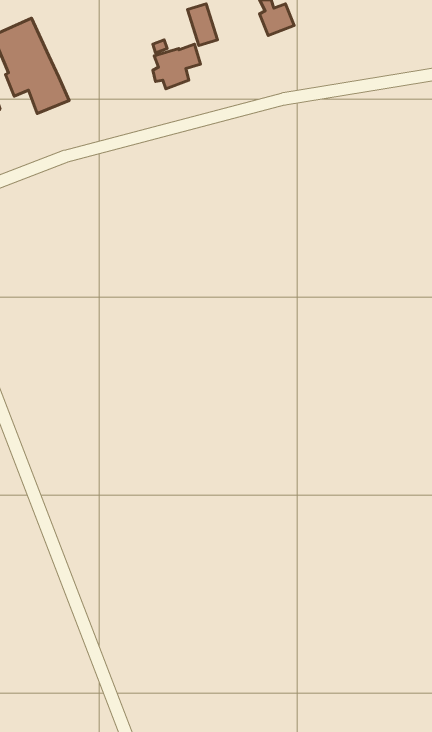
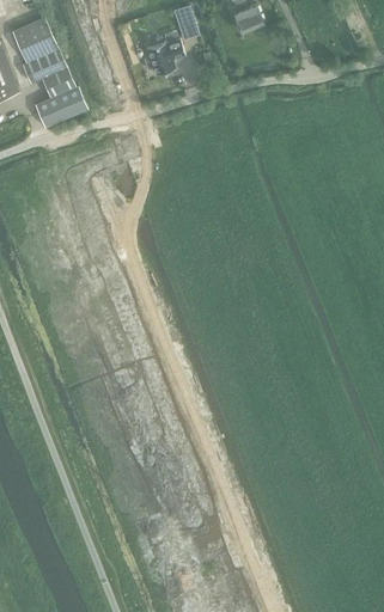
building: none -> [35,85,87,127]

